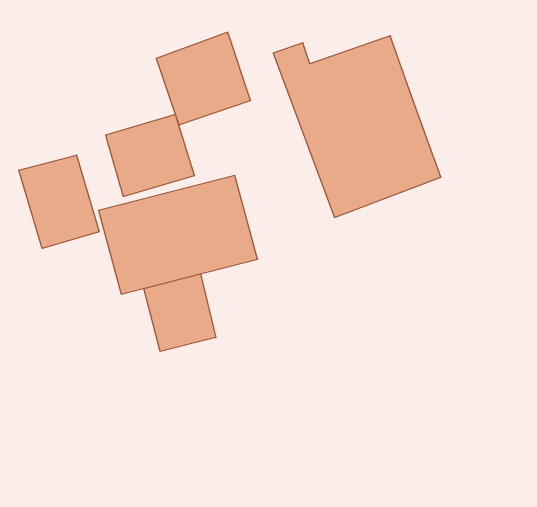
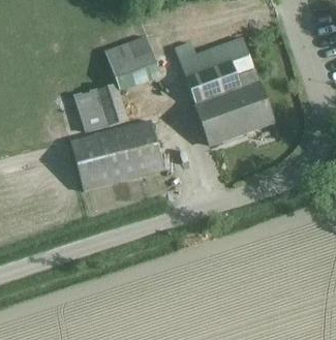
building: [19,155,99,248] -> none
building: [144,274,216,351] -> none

